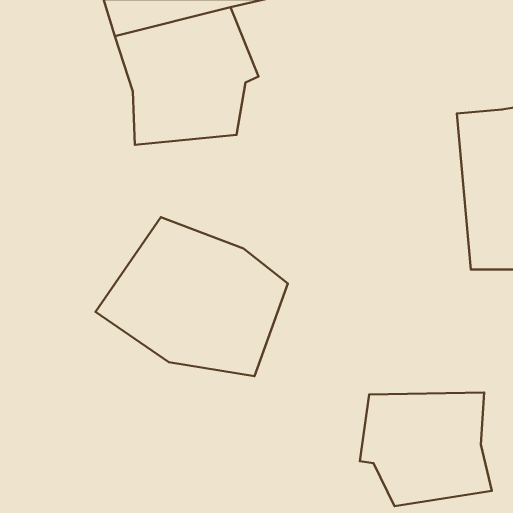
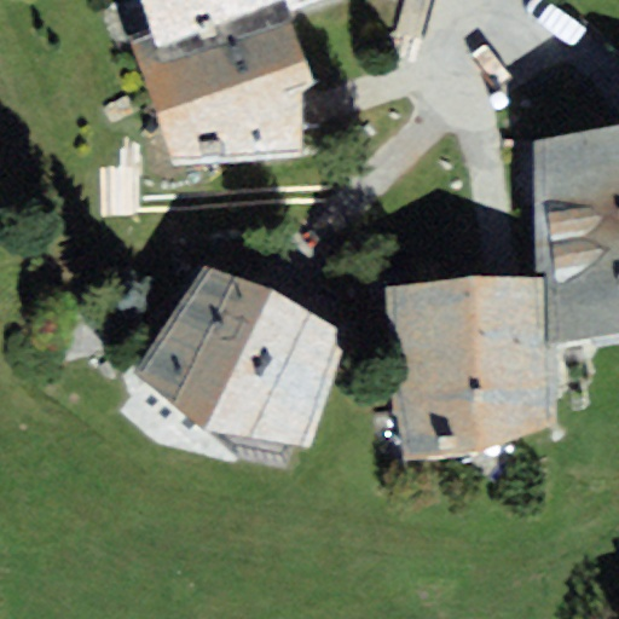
building: none -> [395,266,546,434]
building: [360,392,492,506] -> none

